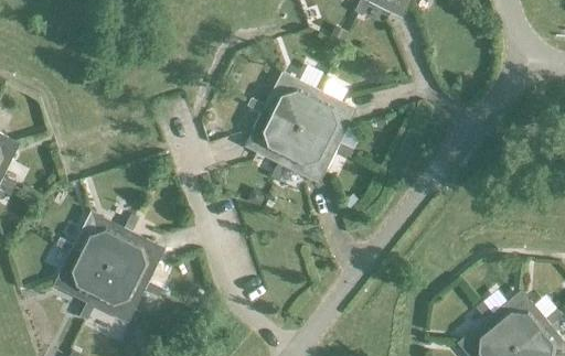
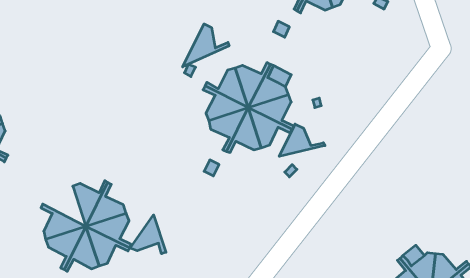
building: none -> [183,24,229,67]
building: none -> [279,124,325,156]
building: [60,220,110,268] -> none
building: none -> [130,215,166,254]

